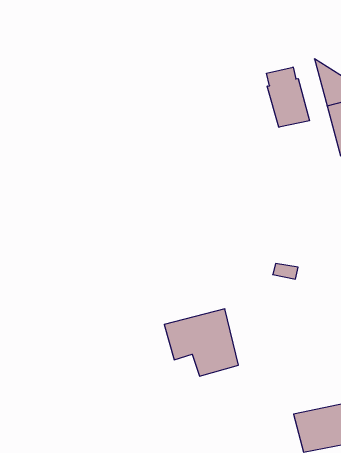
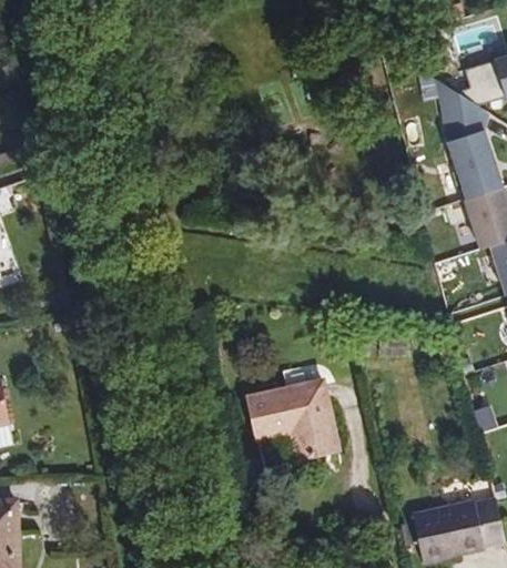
building: [267,67,309,127] -> none

